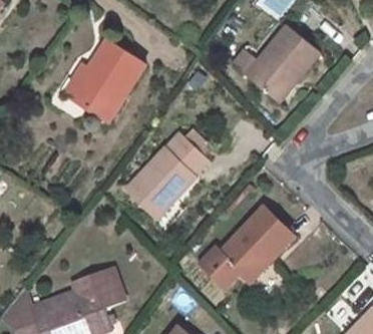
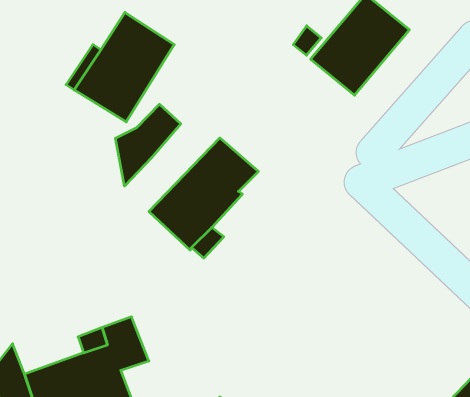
building: none -> [115,104,181,186]
building: [202,207,295,286] -> none

